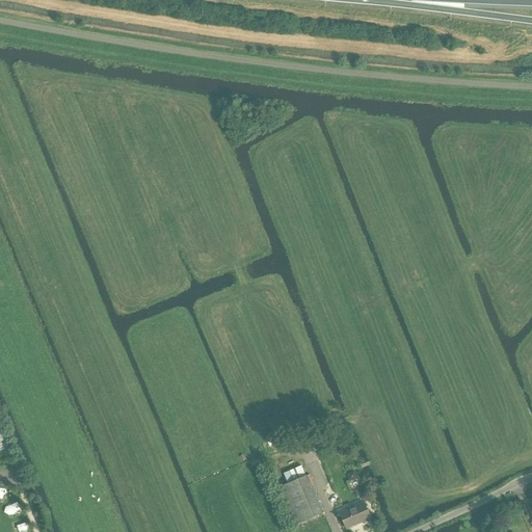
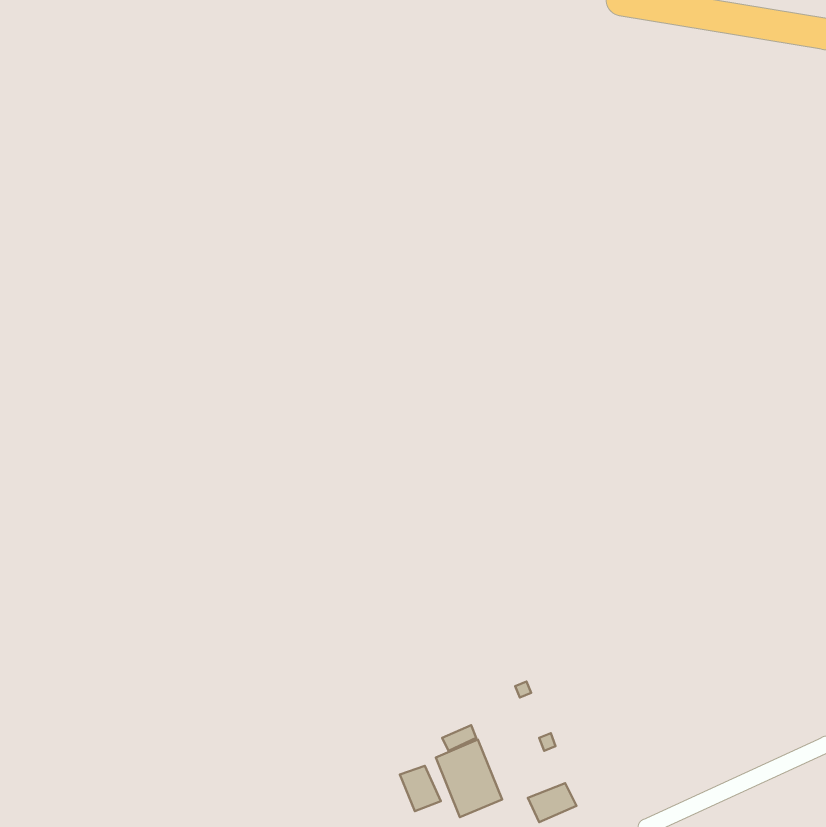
building: none -> [400,766,441,811]

